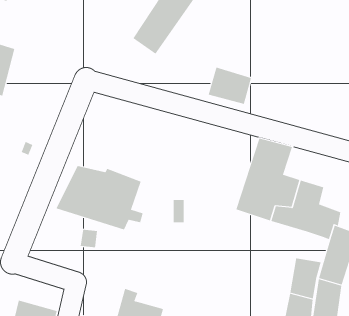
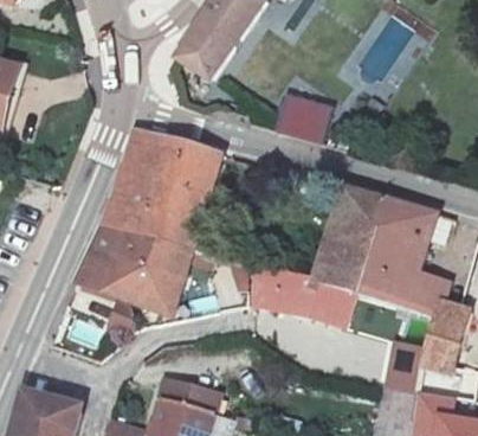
building: none -> [103,124,217,242]
building: none -> [376,195,440,249]
building: none -> [250,264,358,331]

